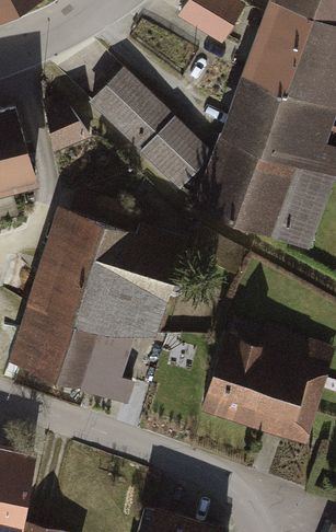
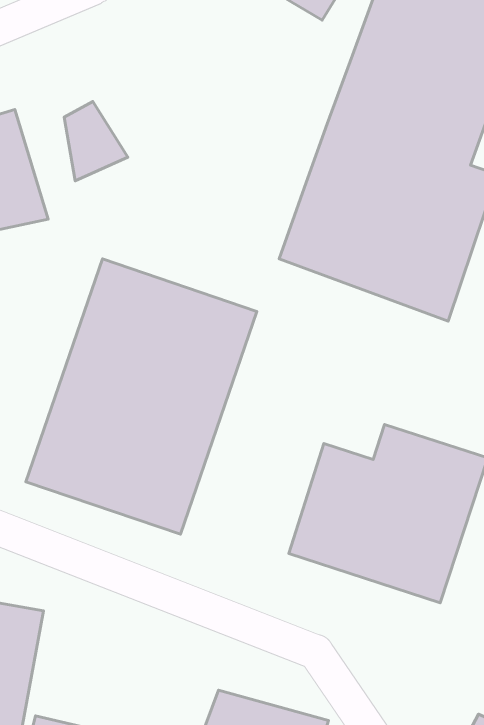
building: [88,67,212,192] -> none

